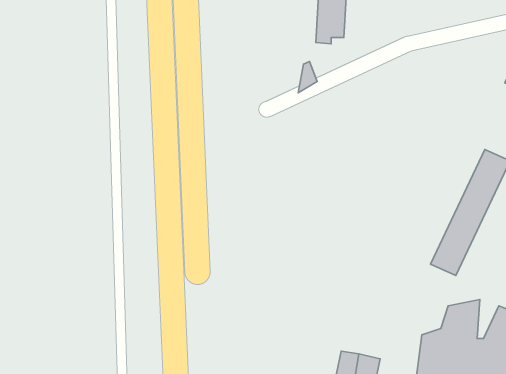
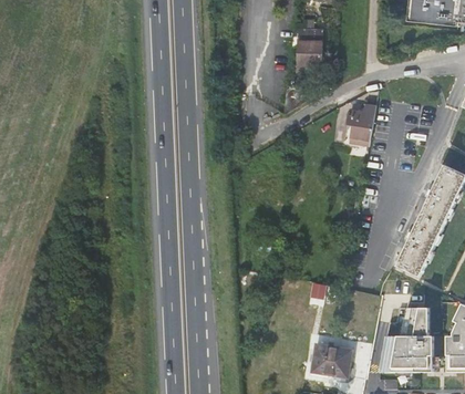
building: none -> [348,98,378,139]

